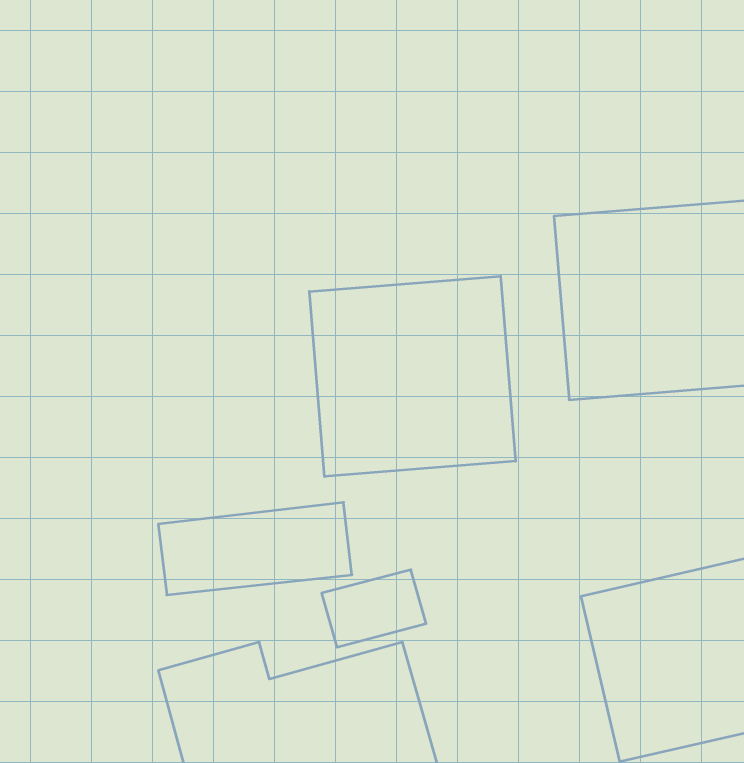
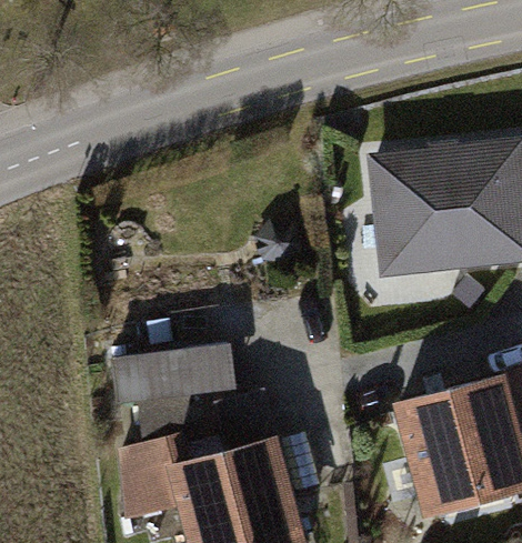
building: [309,276,516,477] -> none

